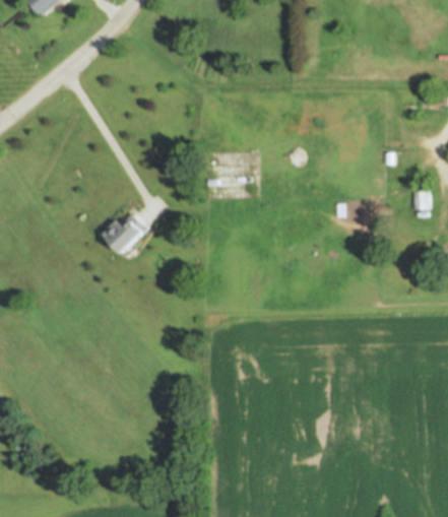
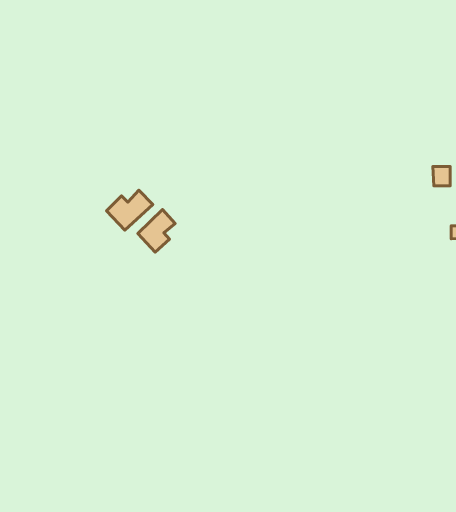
building: none -> [138,210,175,252]

